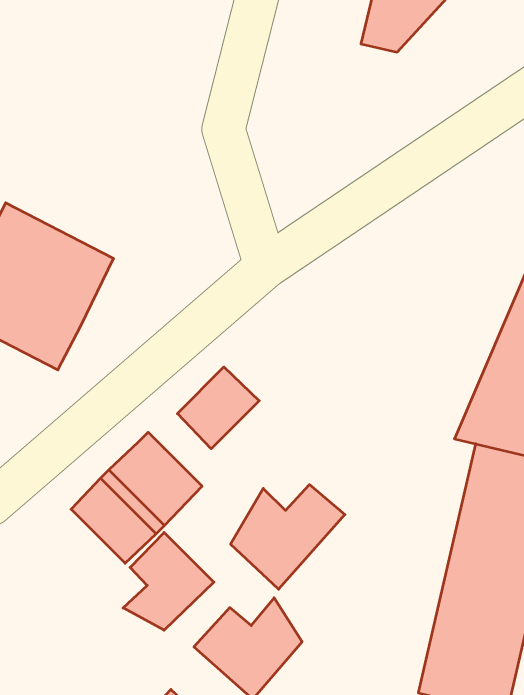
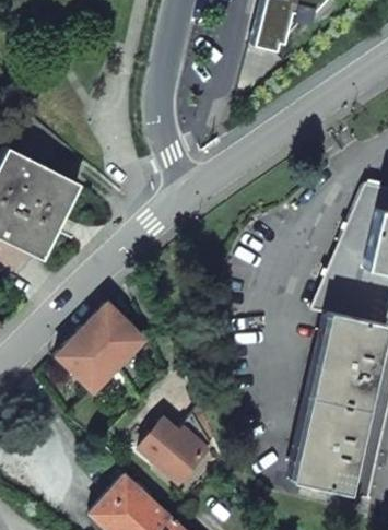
building: [177,367,259,449] -> none
building: [231,485,345,589] -> none
building: [123,532,214,630] -> none

